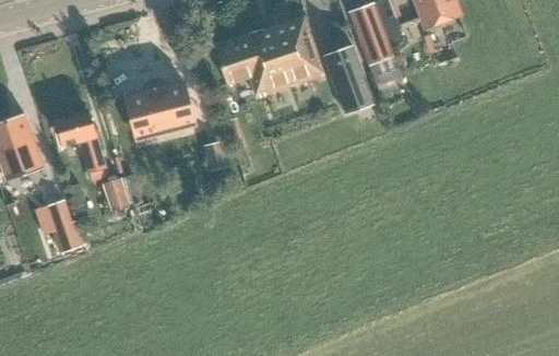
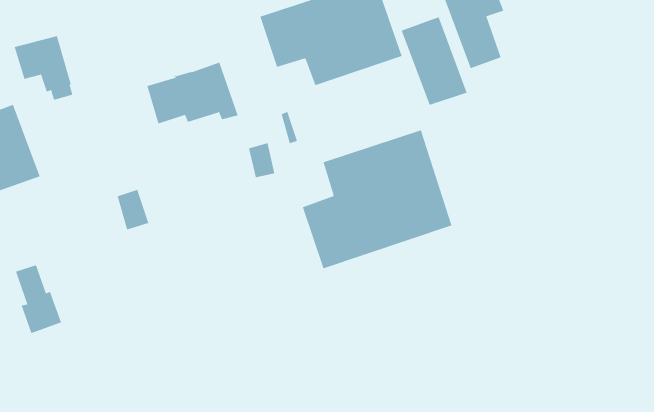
building: [55,111,100,162] -> [14,36,73,101]
building: none -> [302,130,452,269]
building: [47,200,83,253] -> [15,264,62,334]

